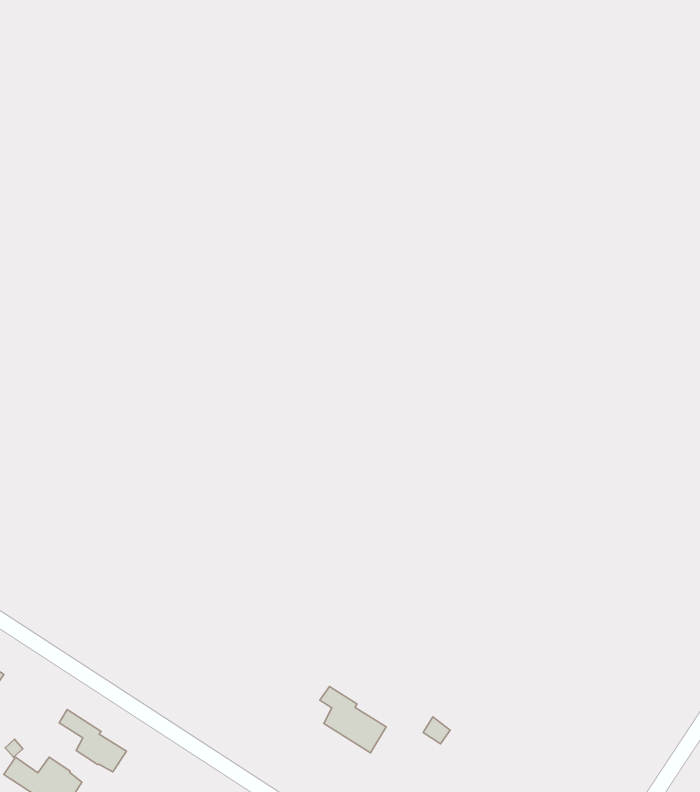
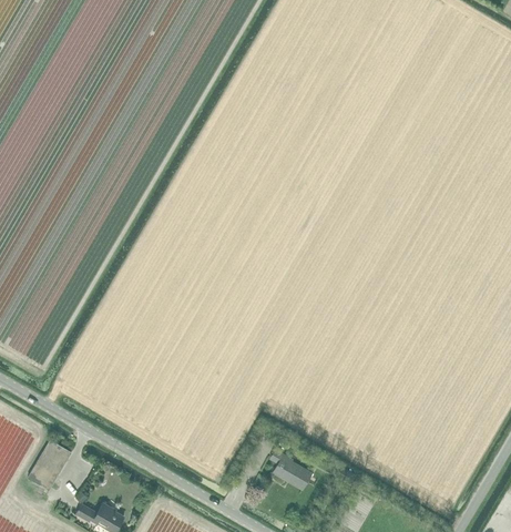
building: [59,710,126,772] -> none

